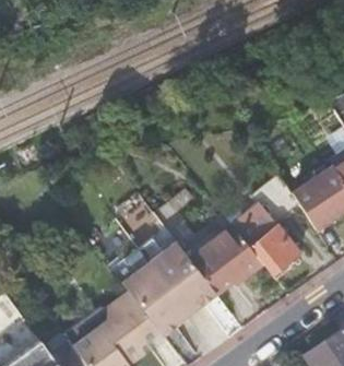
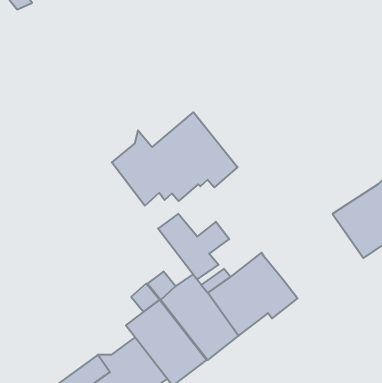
building: none -> [112,112,238,206]
building: [233,204,301,280] -> none

